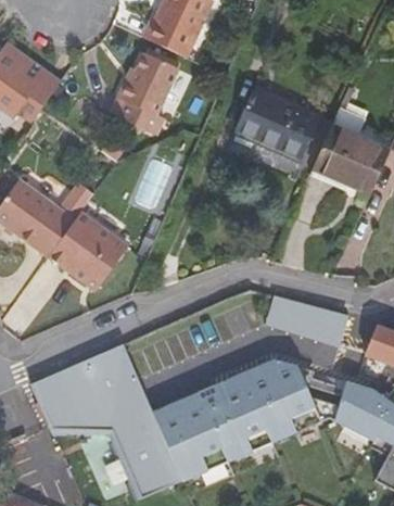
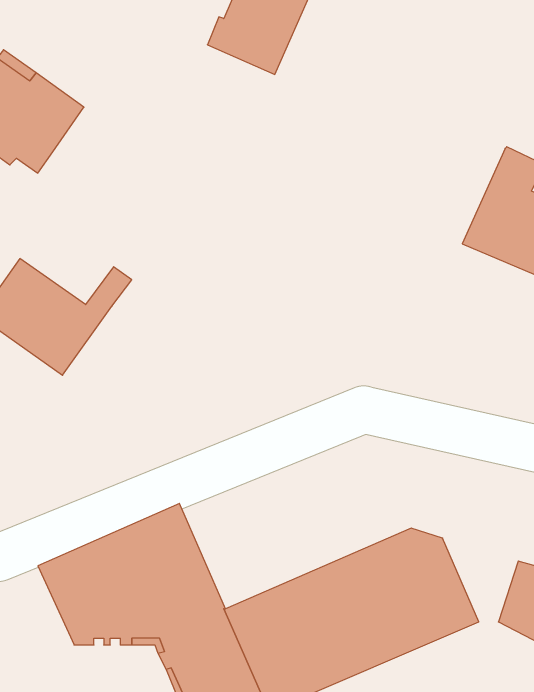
building: [114,53,177,136] -> none
building: [233,86,320,161] -> none
building: [46,212,127,294] -> none
building: [264,296,346,344] -> none

